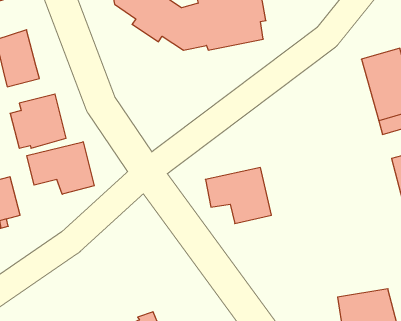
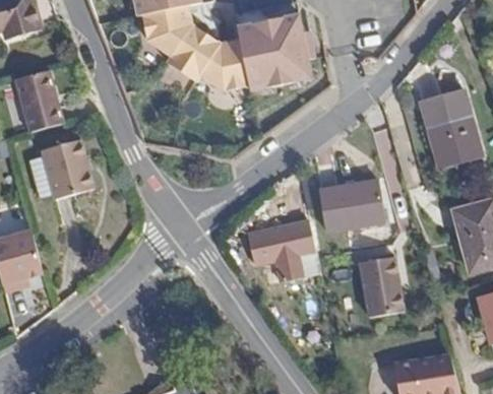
building: none -> [319,181,383,231]
building: [27,142,94,194] -> none
building: none -> [358,257,403,317]

